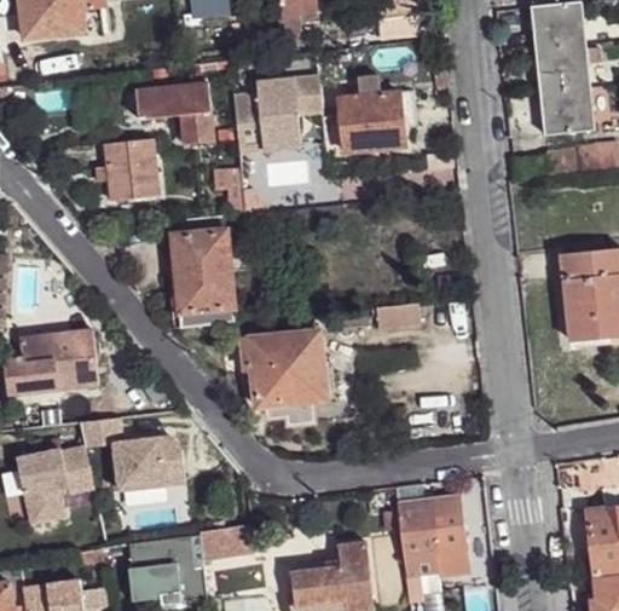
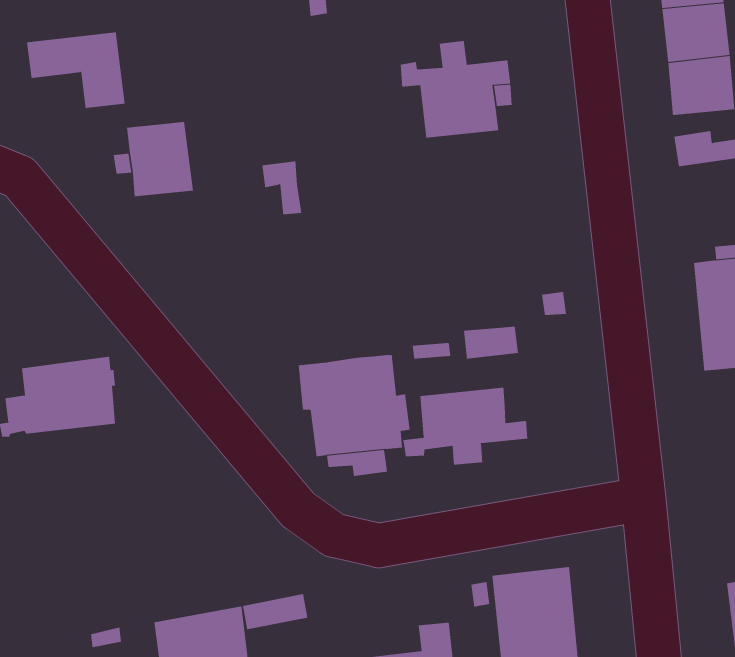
building: [232,74,320,151] -> none
building: [135,81,215,143] -> [26,32,125,108]
building: [170,229,233,329] -> none
building: none -> [403,387,528,465]
building: [15,415,183,519] -> none

